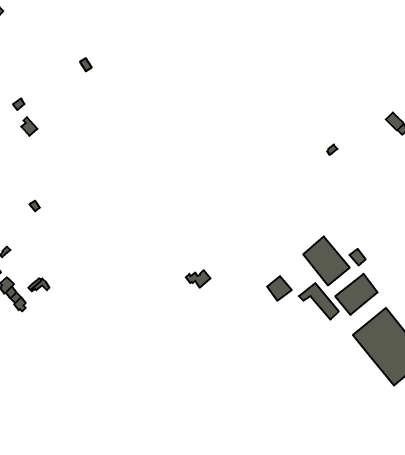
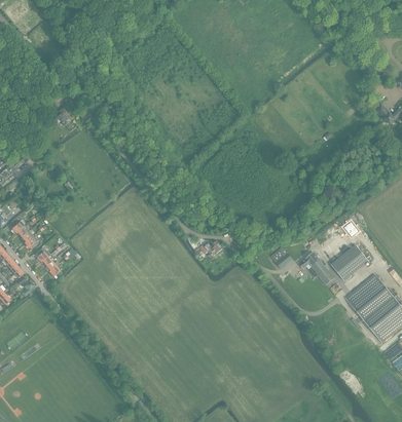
building: [303,236,350,285] -> none

